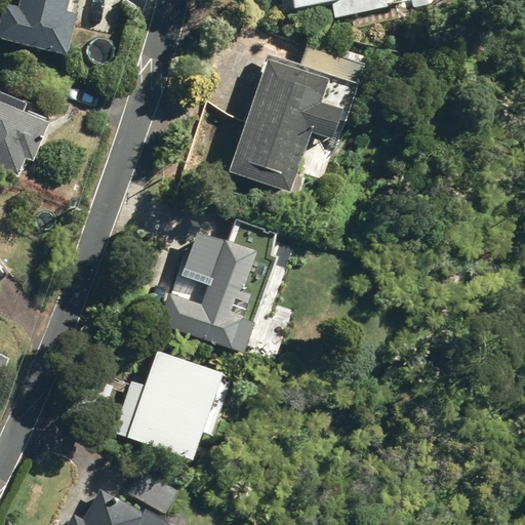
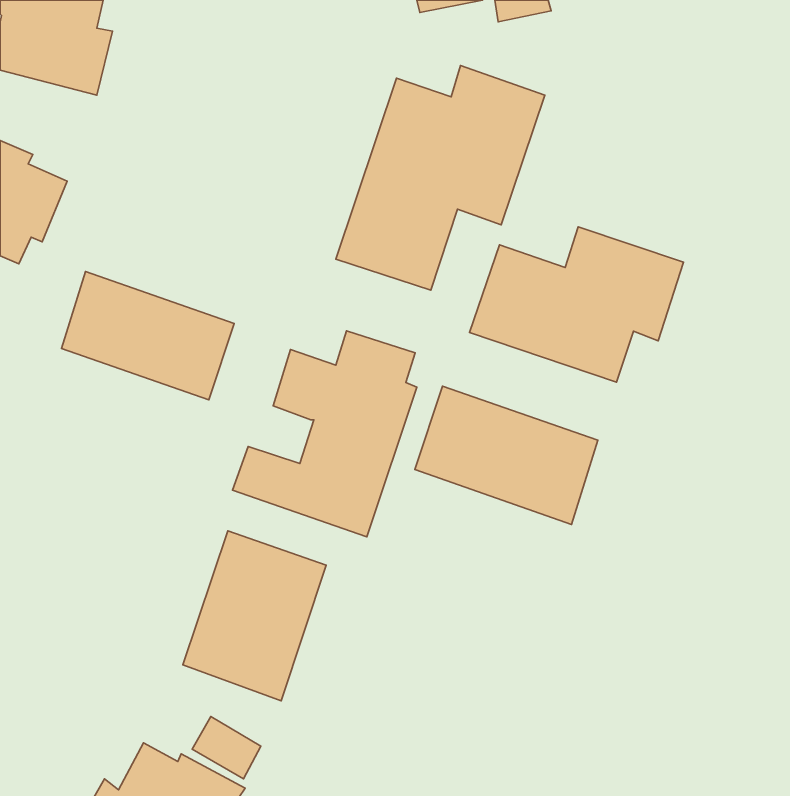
building: none -> [469,227,684,382]
building: none -> [62,271,234,400]
building: none -> [415,386,598,525]

